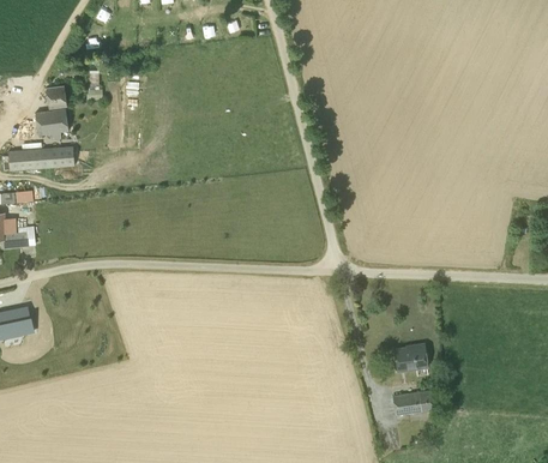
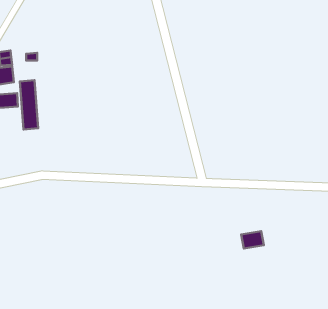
building: none -> [20,80,38,129]
building: [391,390,433,414] -> none

